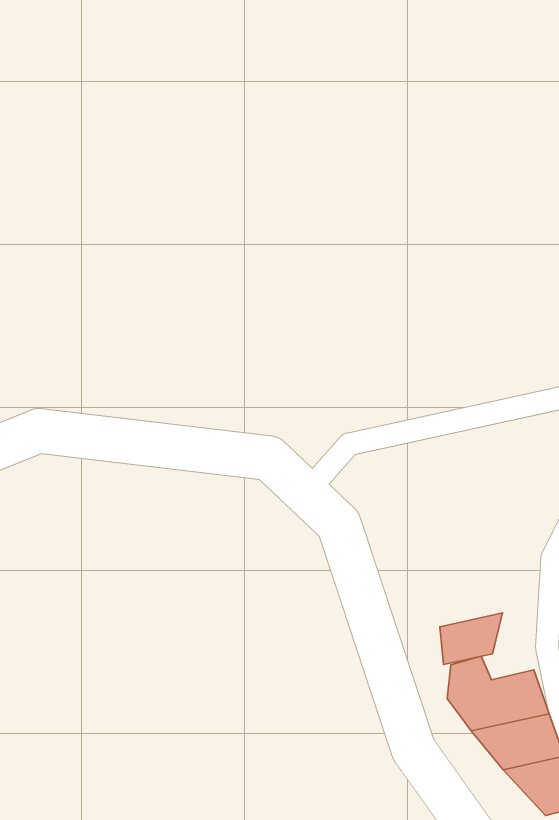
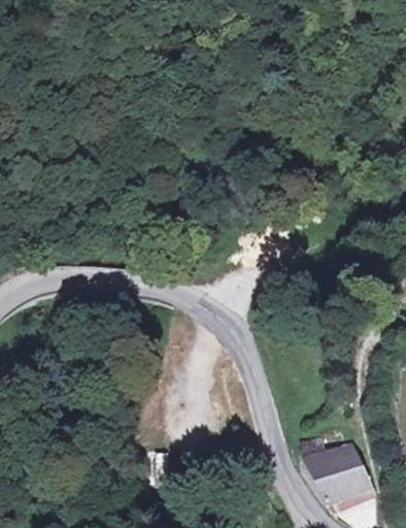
building: [440,613,503,664] -> none

